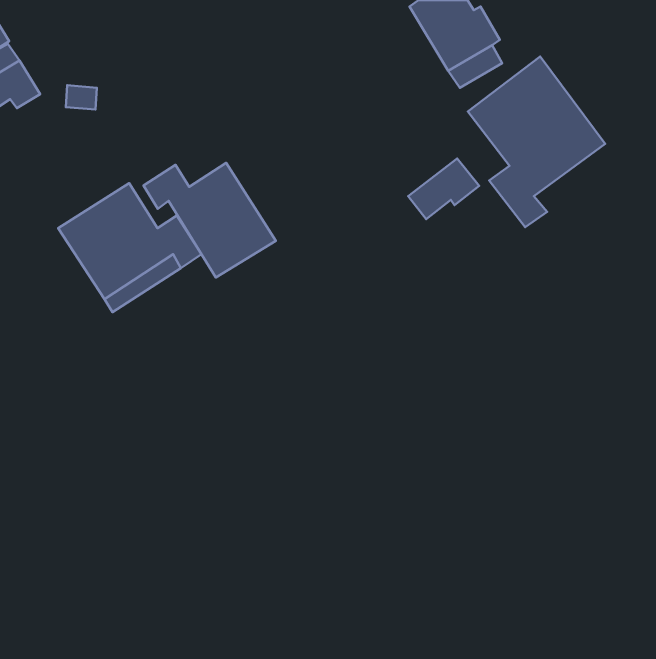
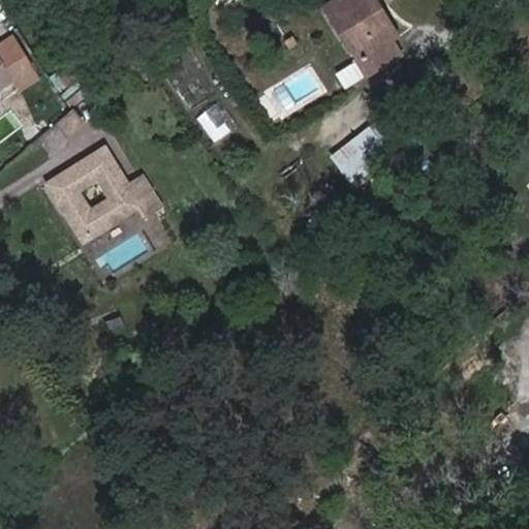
building: [468,57,605,227] -> none
building: [144,163,276,277] -> none

